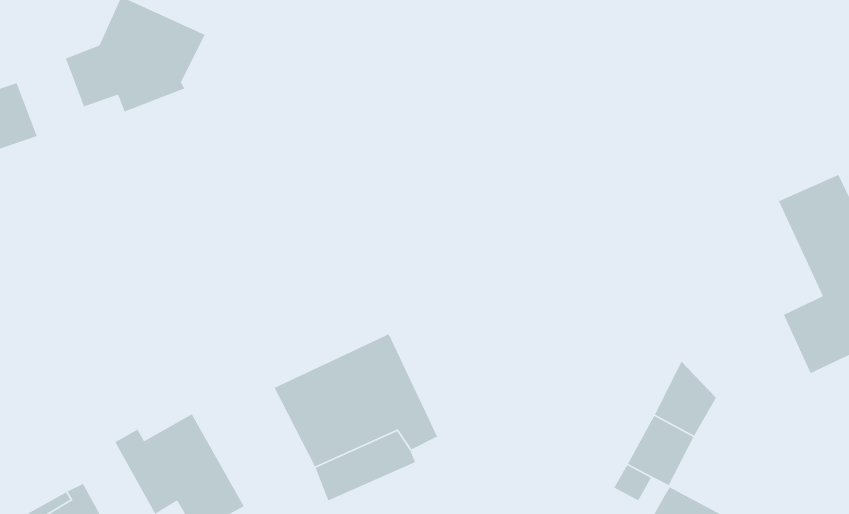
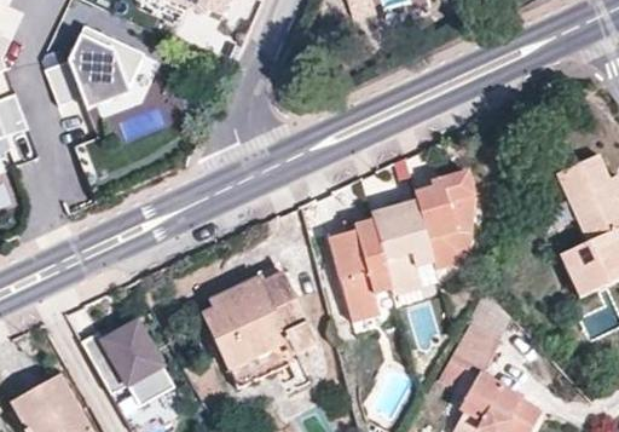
building: none -> [326,174,473,322]

